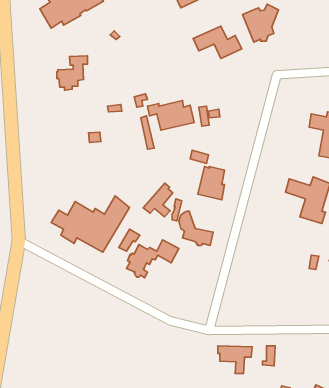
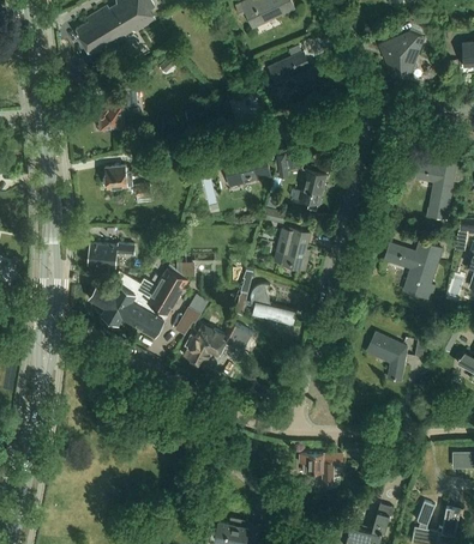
building: [242,4,279,42] -> [378,31,424,79]
building: none -> [102,165,132,188]
building: none -> [294,170,328,211]
building: none -> [88,243,134,267]
building: [143,183,173,217] -> none
building: none -> [365,332,406,380]

